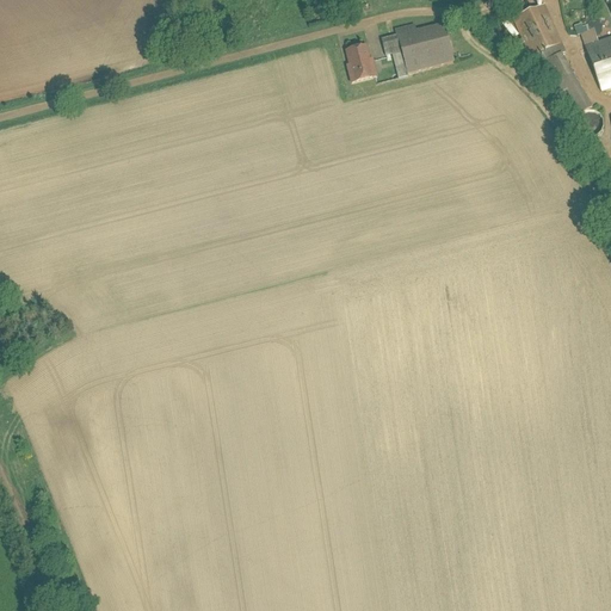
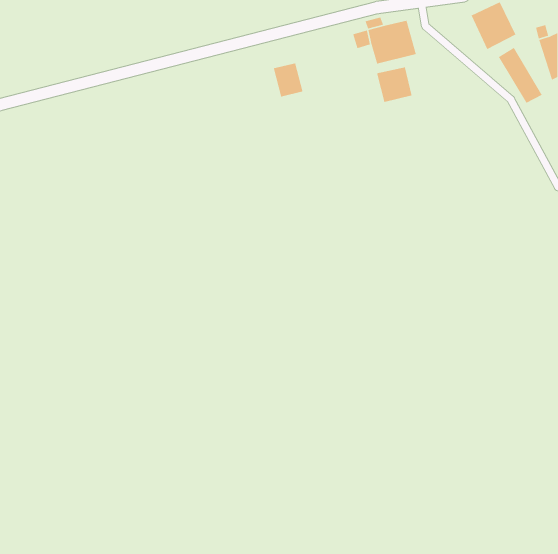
building: [344,42,377,80] -> [273,62,304,97]
building: none -> [376,67,413,103]

